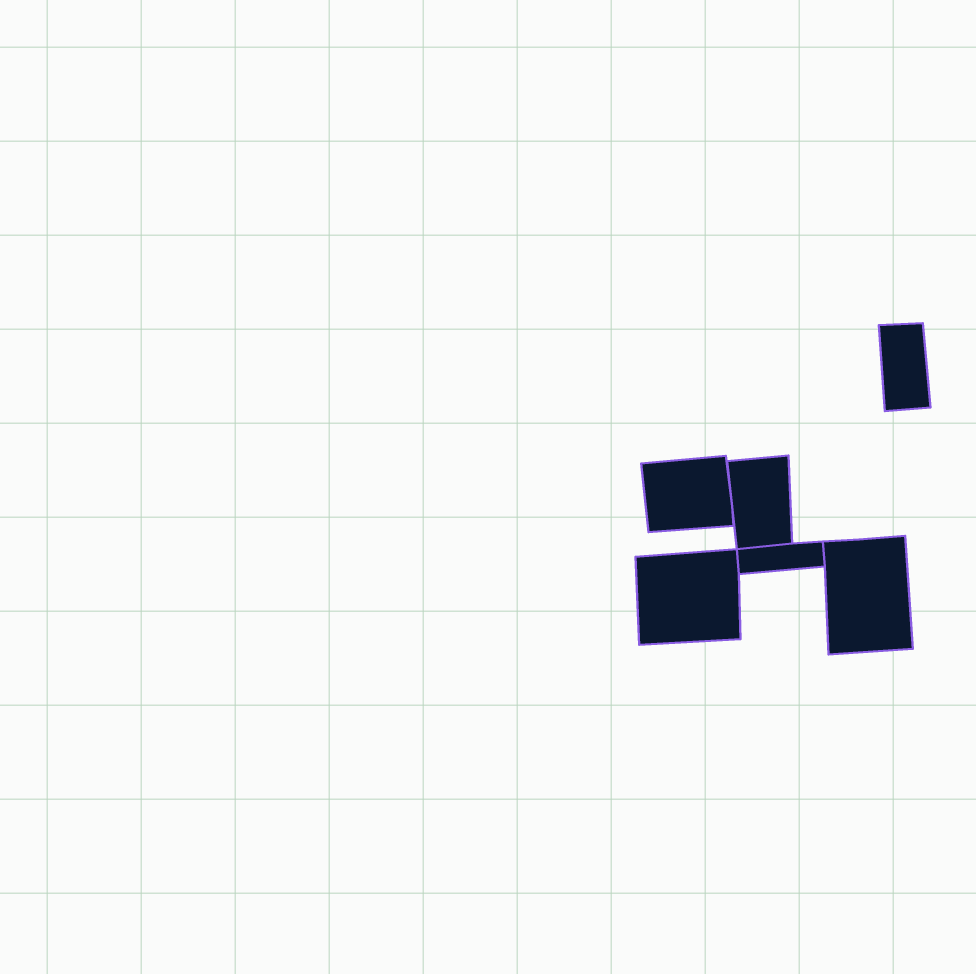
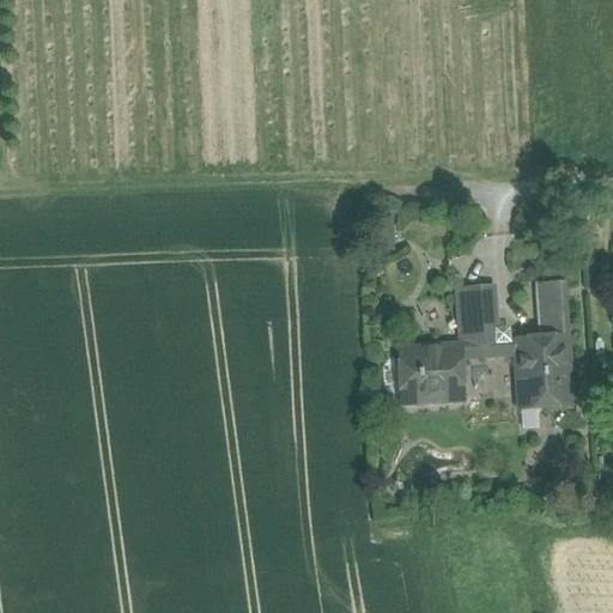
building: [879,323,931,411] -> [535,283,568,338]
building: [641,456,734,532] -> none

